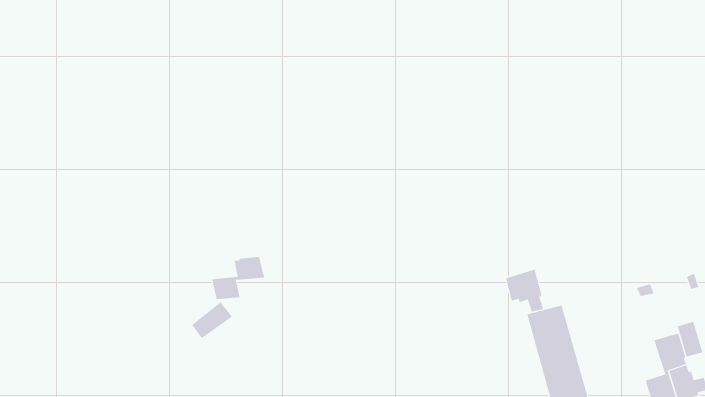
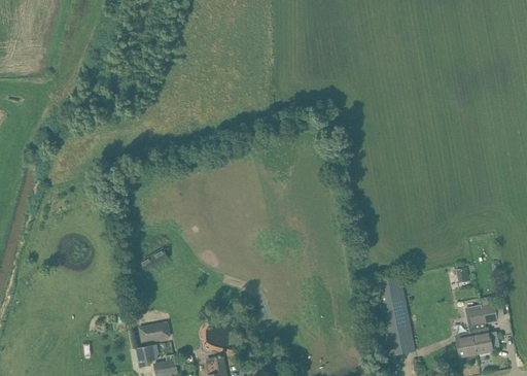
building: [211,256,266,300] -> none
building: [505,269,544,313] -> none

